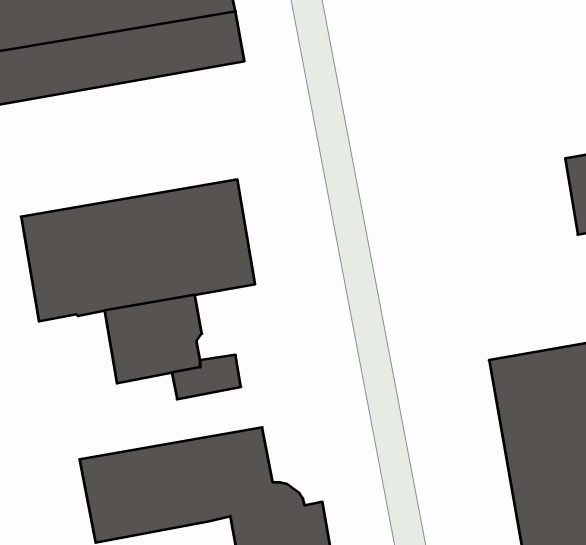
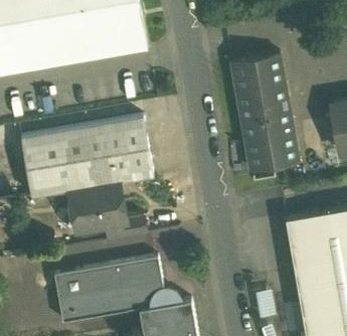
building: none -> [230,54,298,171]

